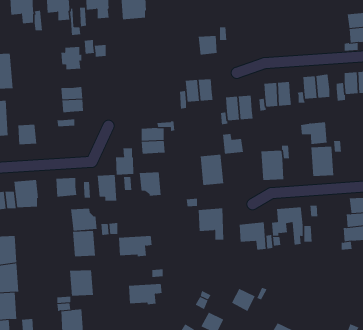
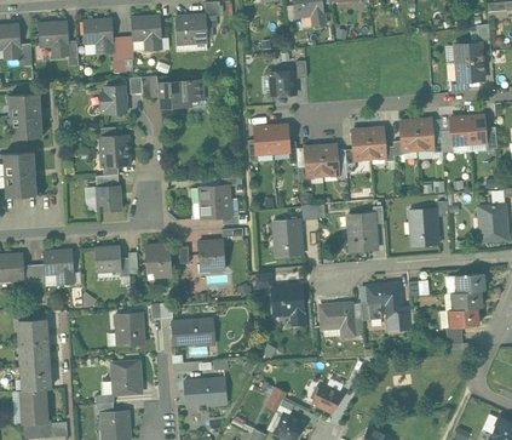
building: none -> [160,80,205,107]
building: [301,122,327,145] -> none
building: [17,124,37,145] -> [97,185,121,211]
building: [115,147,134,175] -> none
building: [71,208,97,231] -> none

